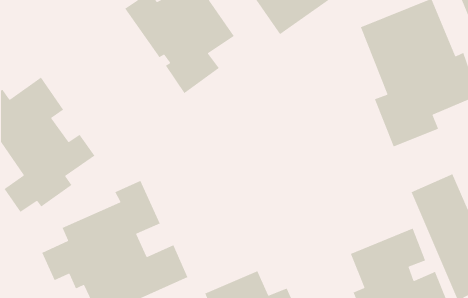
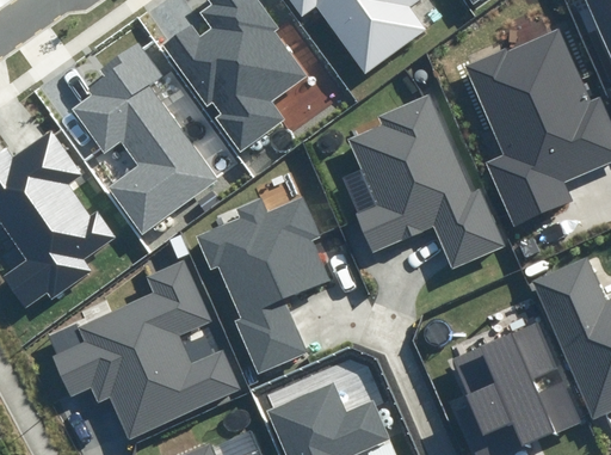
building: none -> [69,42,215,229]
building: none -> [351,93,506,269]
building: none -> [198,197,332,375]

